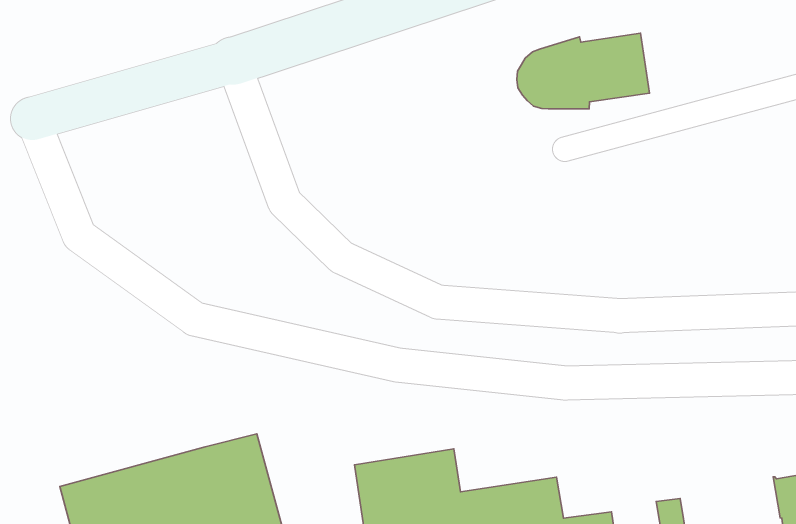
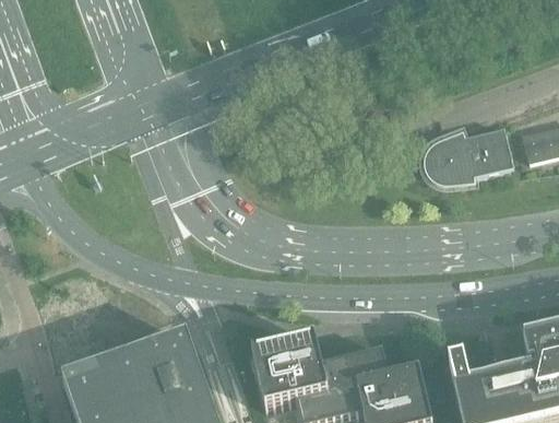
building: [517,33,650,109] -> [427,124,513,177]

